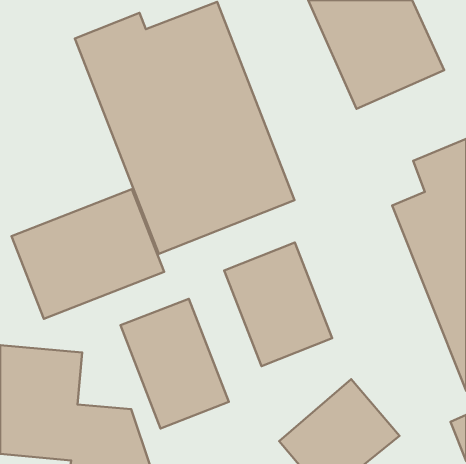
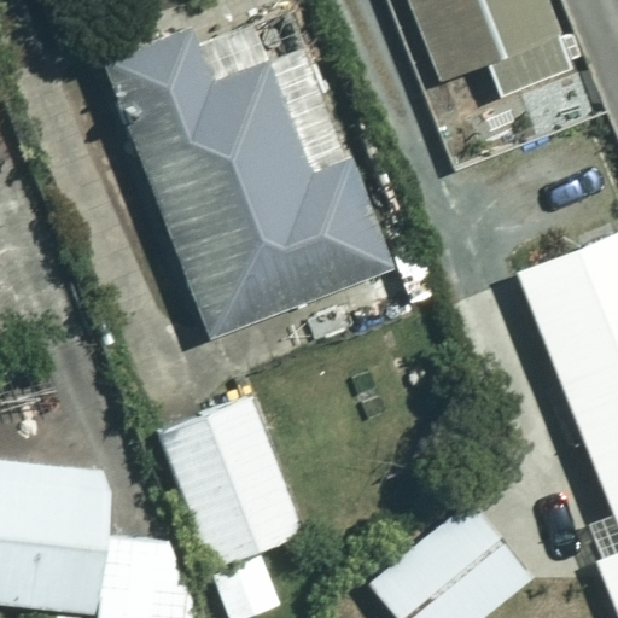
building: [12,189,164,319] -> none
building: [224,243,332,366] -> none

